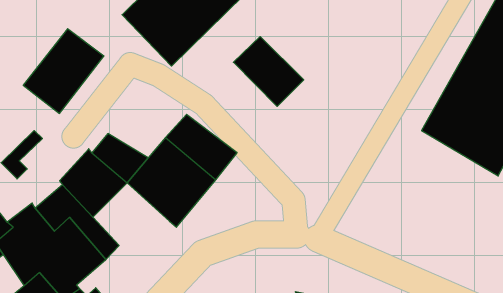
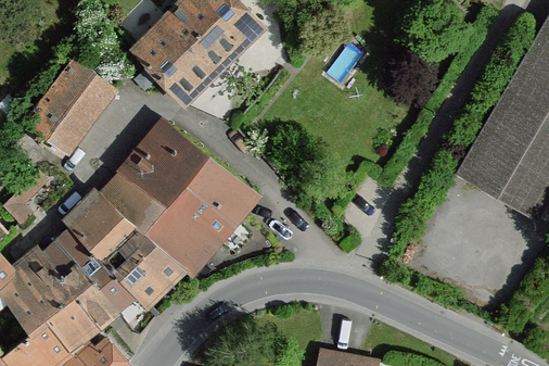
building: [233,37,304,106] -> none
building: none -> [119,122,204,202]
building: none -> [103,229,186,308]

